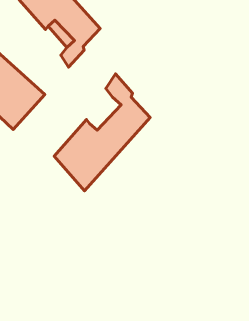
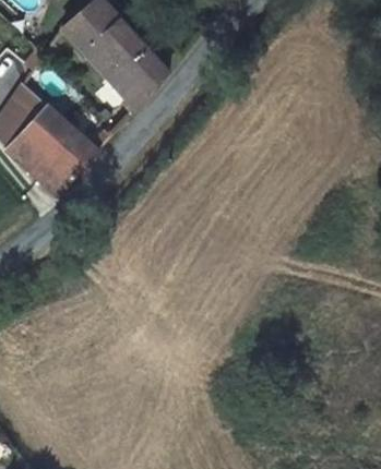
building: [54,74,150,191] -> none

